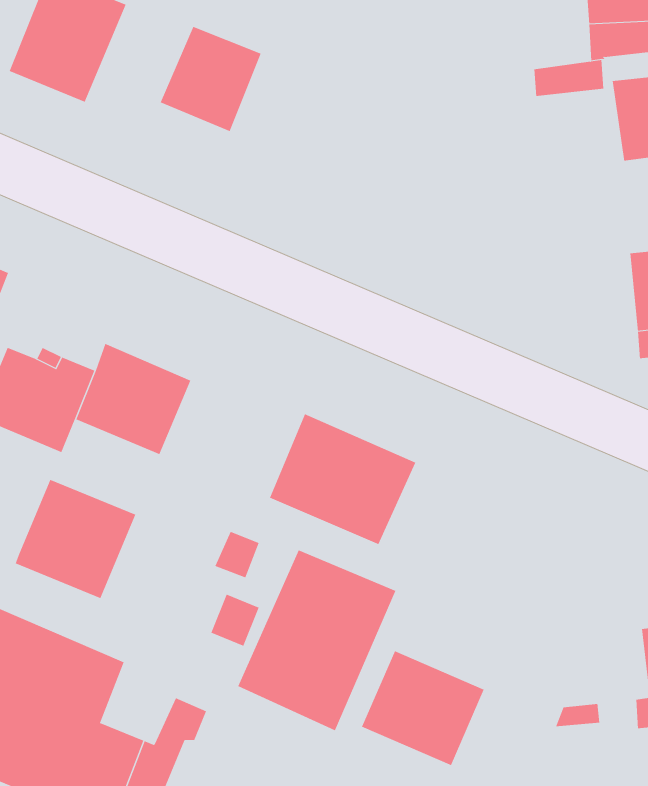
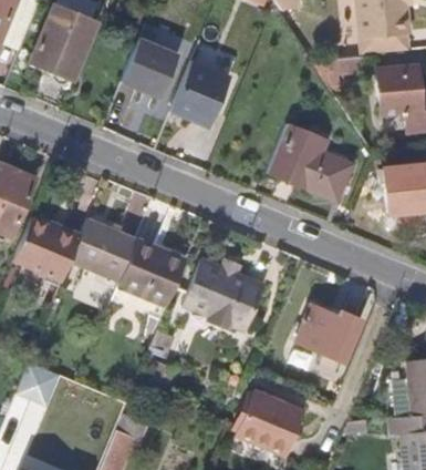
building: none -> [167,60,228,126]
building: none -> [264,117,350,202]
building: [15,479,136,599] -> [116,238,185,306]
building: none -> [295,306,356,359]
building: [237,549,396,731] -> none

